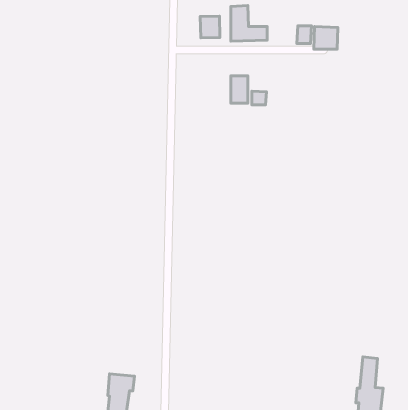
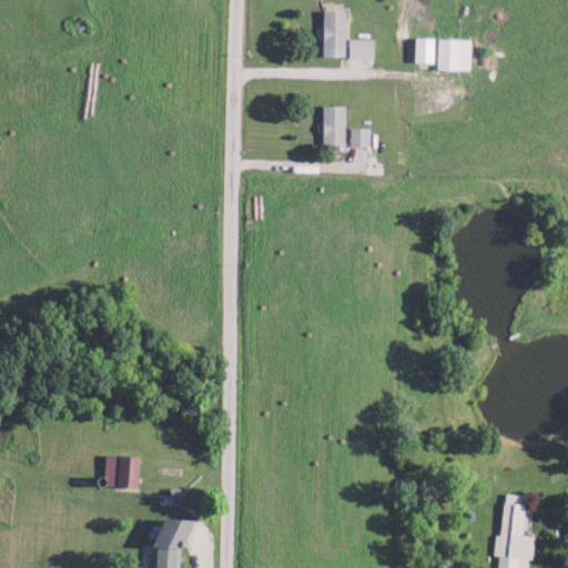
building: [200,16,220,38] -> none
building: none -> [106,456,139,488]

